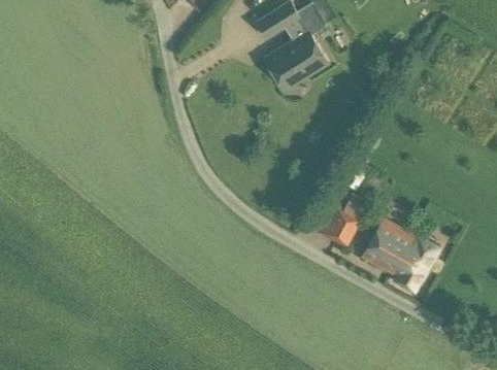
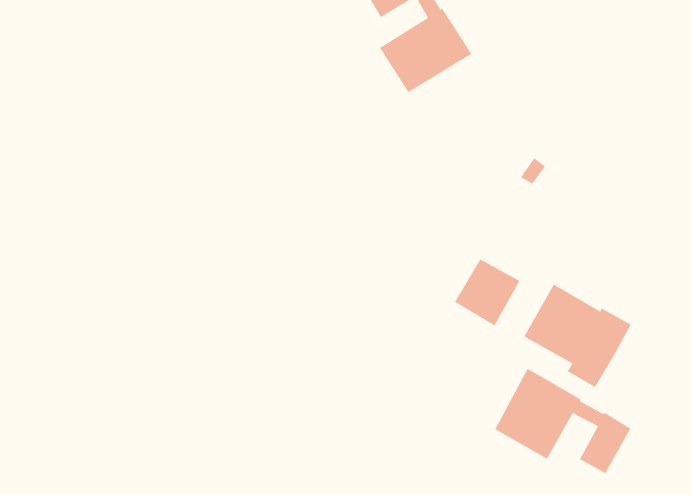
building: none -> [494,368,631,474]

